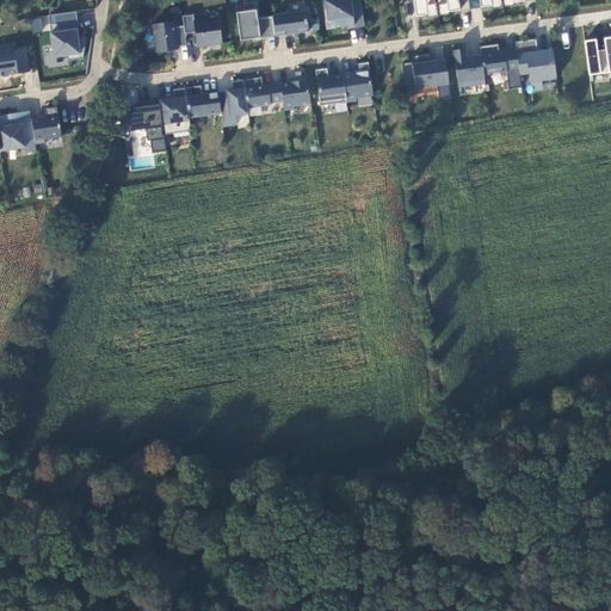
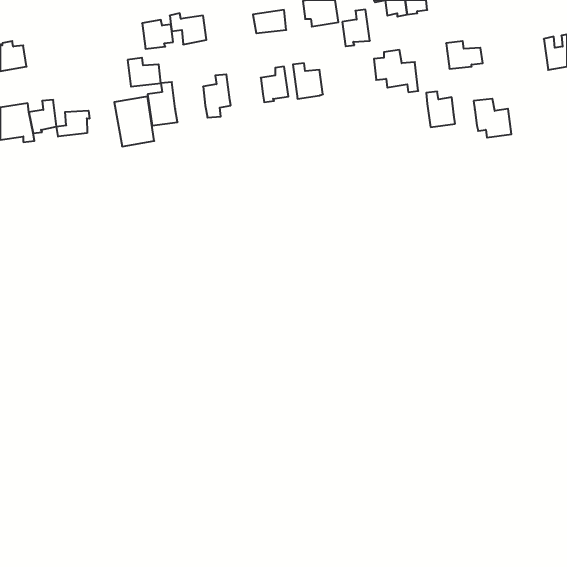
building: [236,10,276,41] -> none
building: [49,12,86,61] -> none
building: [516,39,556,81] -> [474,99,511,138]
building: [453,49,485,87] -> [426,92,455,127]
building: [344,62,374,101] -> [342,10,370,46]
building: [243,78,283,107] -> none
building: [185,86,221,117] -> [128,58,161,87]
building: none -> [57,111,89,137]

